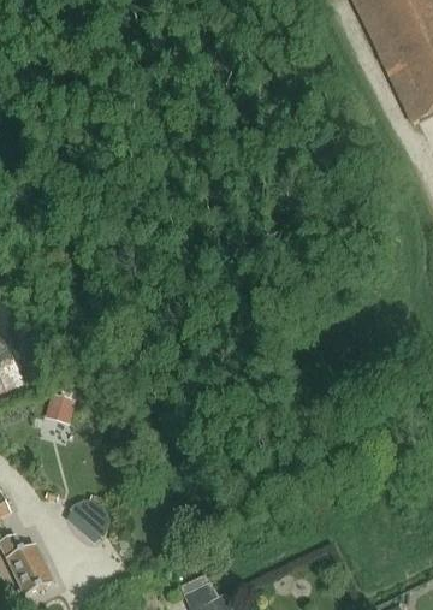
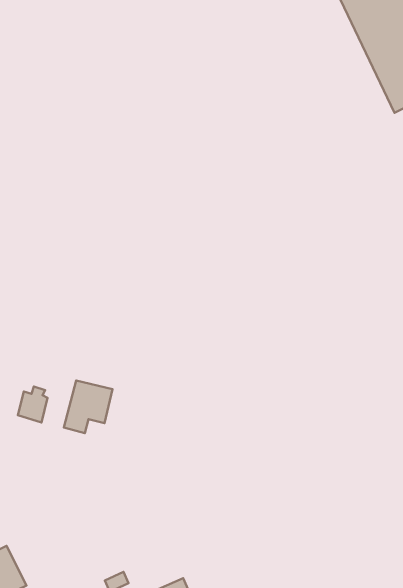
building: none -> [64,381,113,433]
building: [69,499,108,537] -> none

